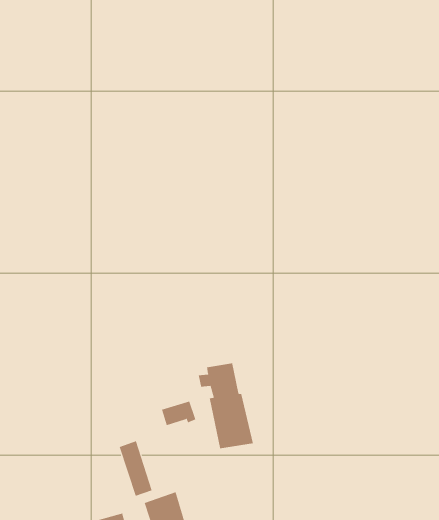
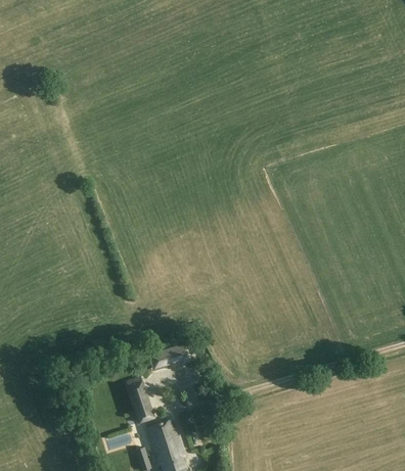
building: [198,363,253,449] -> none

